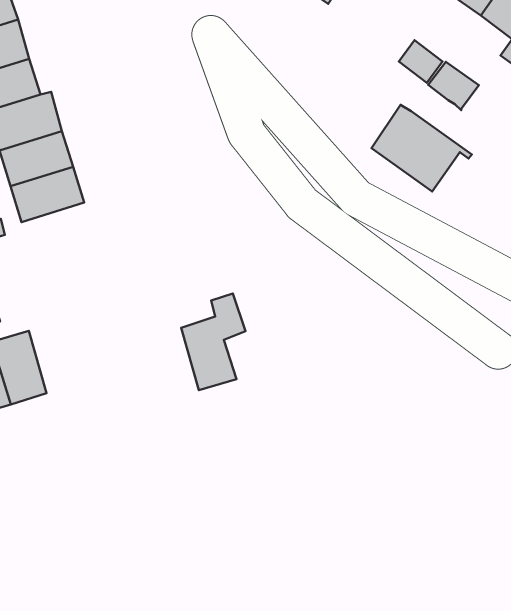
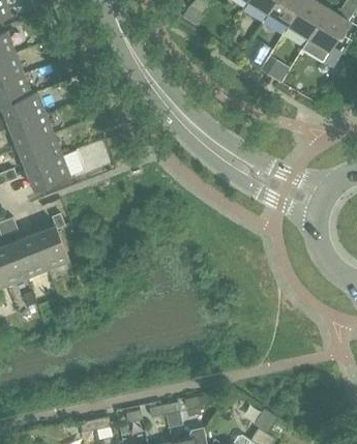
building: [371,105,472,191] -> none
building: none -> [25,155,69,191]
building: [181,293,245,390] -> [34,211,72,270]

